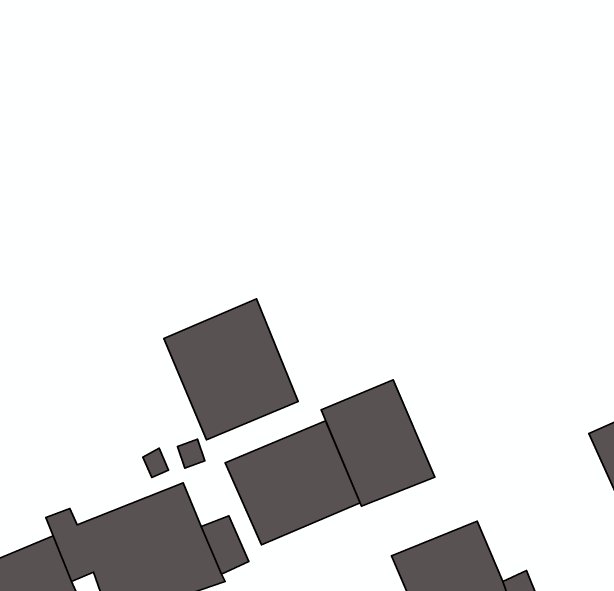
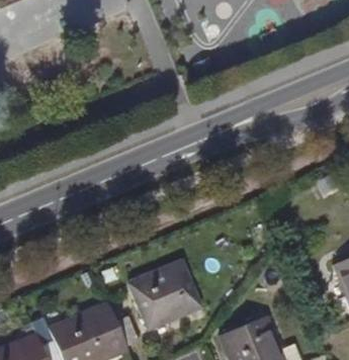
building: [164,299,298,440] -> none
building: [321,380,435,506] -> none

